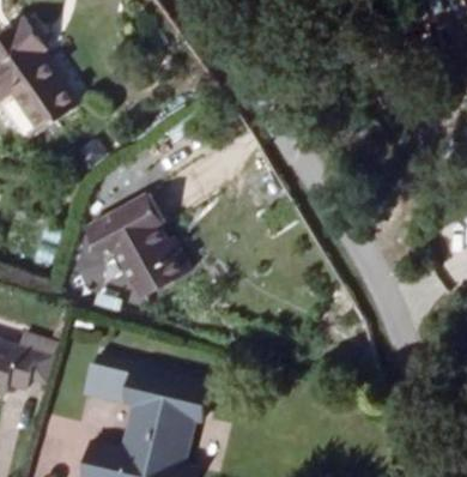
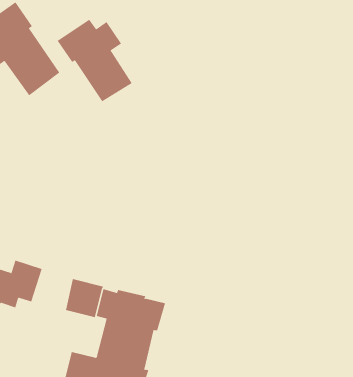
building: none -> [57,19,133,102]
building: [84,195,187,297] -> none

